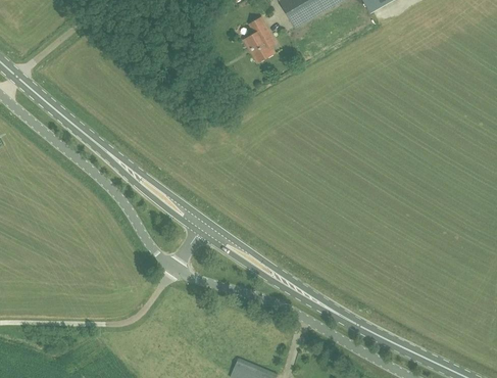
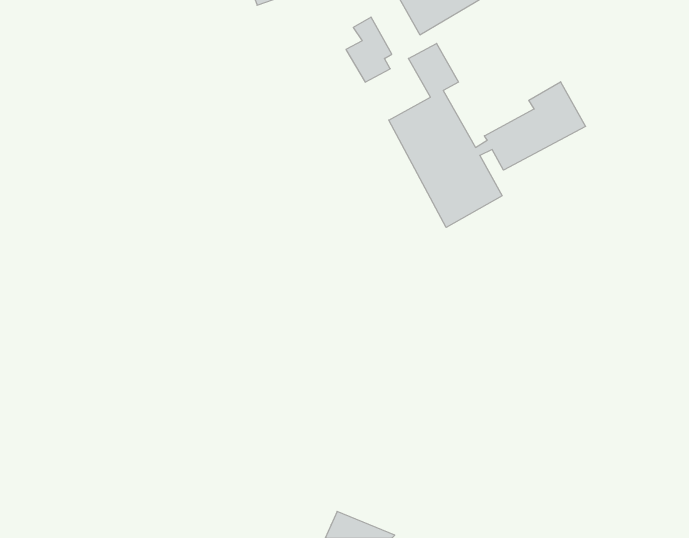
building: none -> [389,43,586,227]

